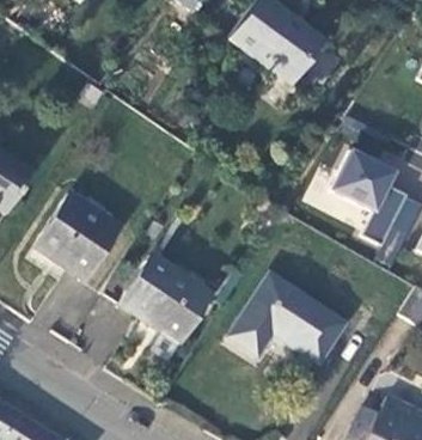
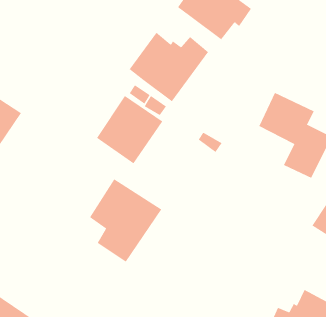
building: none -> [129,32,209,102]
building: [33,191,118,279] -> [96,95,163,164]
building: [230,273,345,361] -> none

